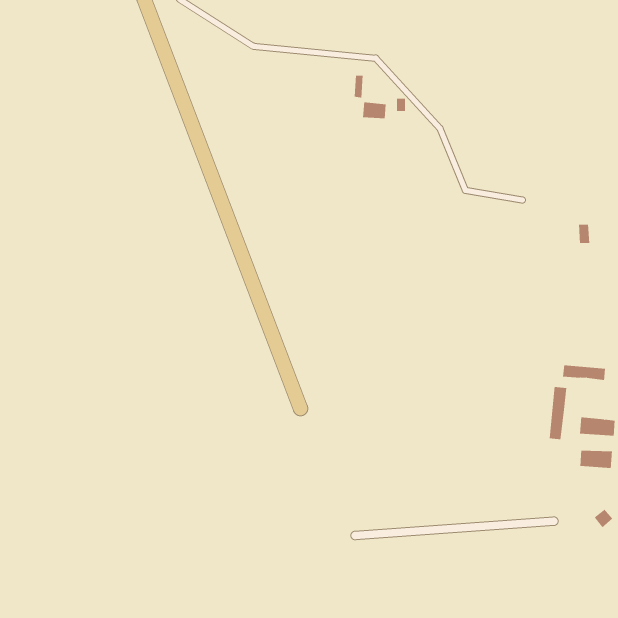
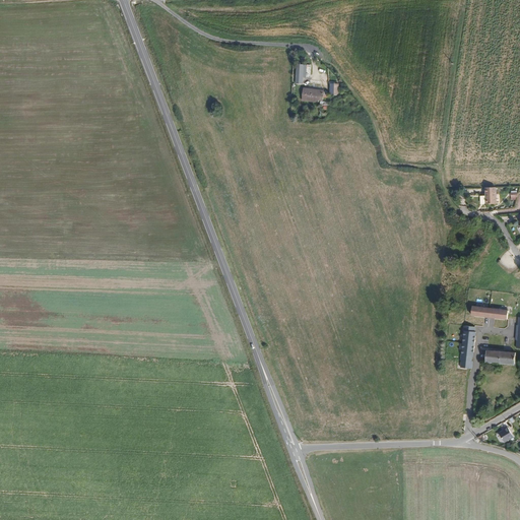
building: [580,450,612,469] -> none

